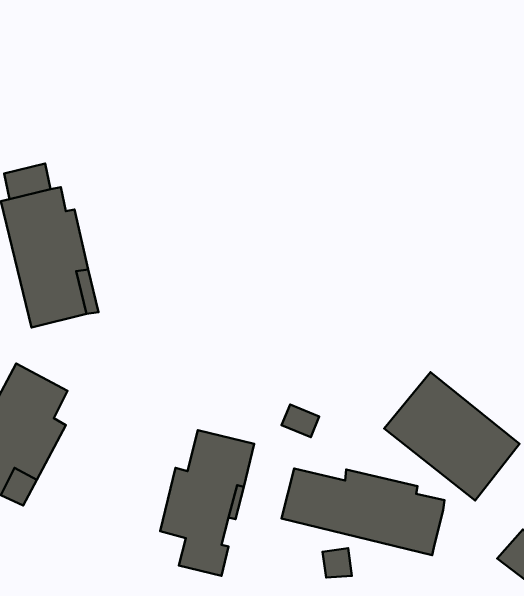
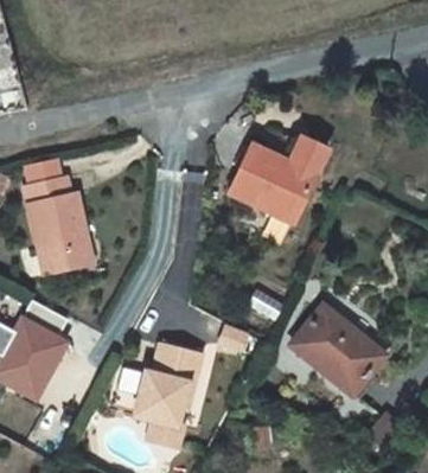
building: none -> [228,138,326,223]
building: [281,468,445,555] -> none

